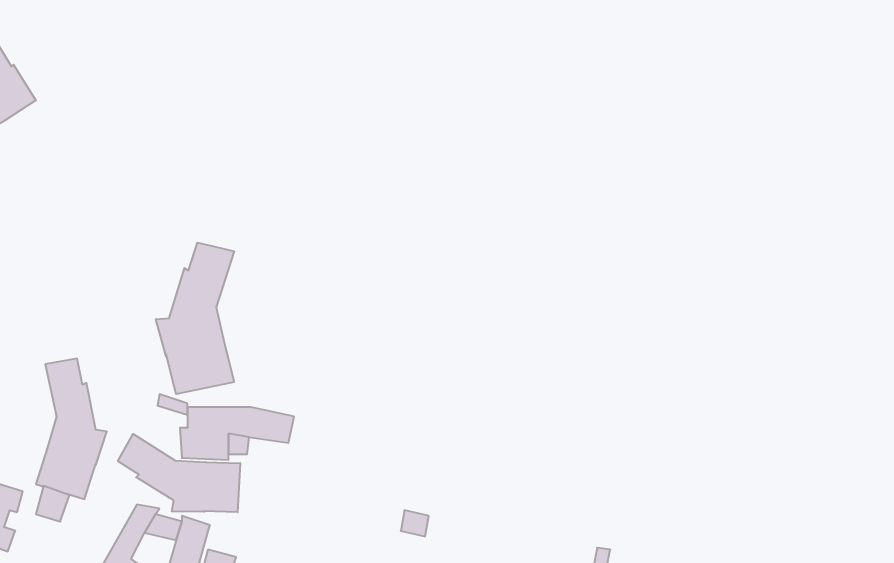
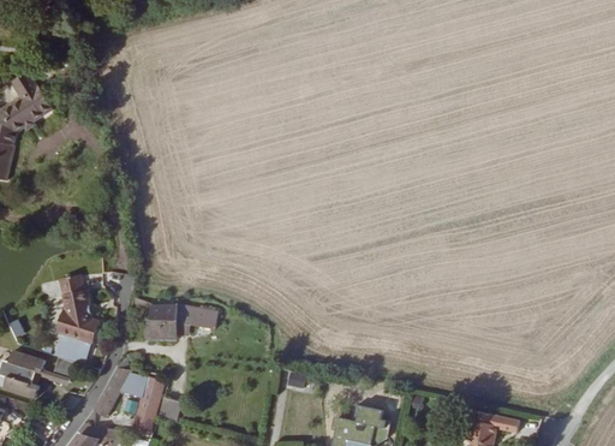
building: [156,243,234,394] -> none
building: [118,434,240,512] -> none

